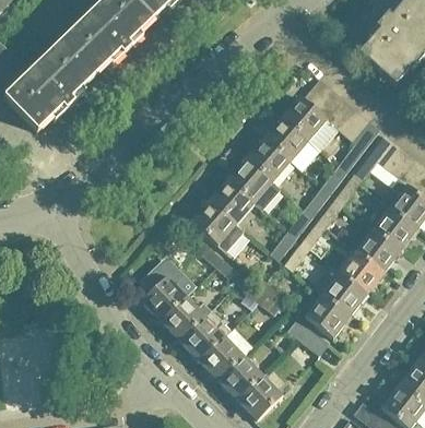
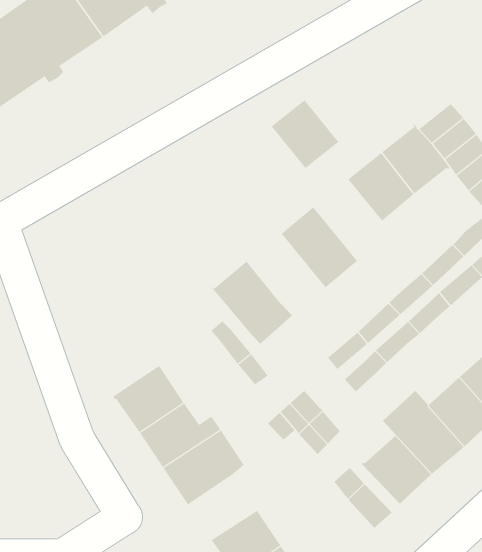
building: [246,138,291,181] -> [271,100,339,169]
building: [210,179,255,223] -> none
building: [199,336,244,380] -> none

